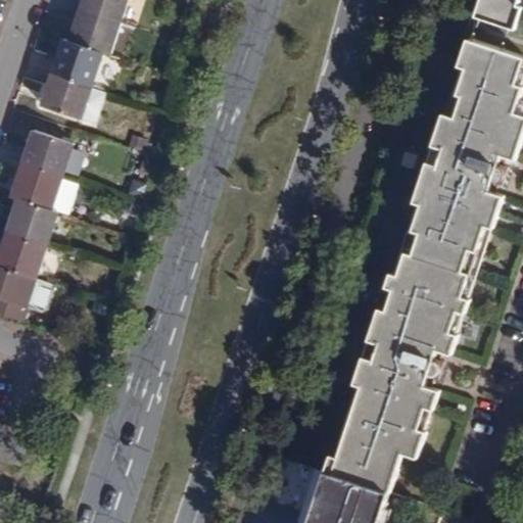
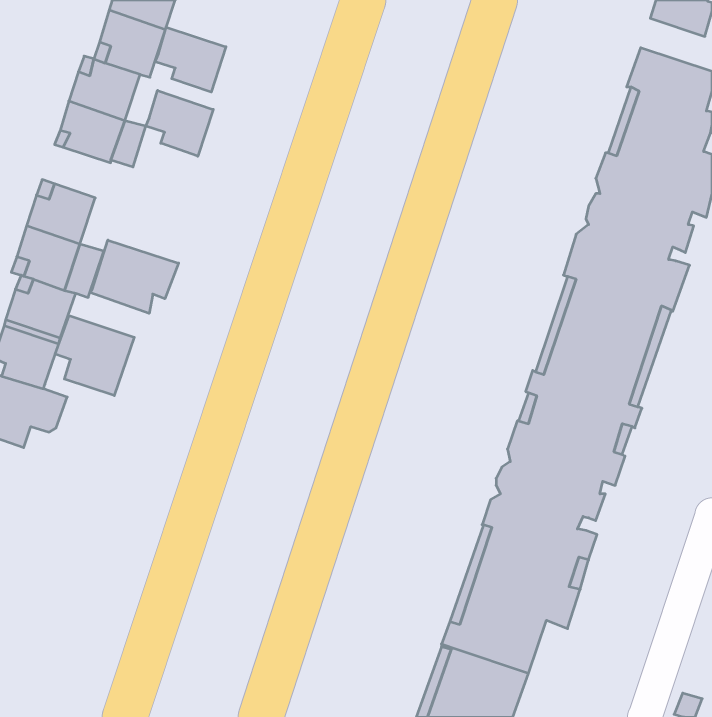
building: none -> [155,27,226,92]
building: none -> [146,90,213,156]
building: none -> [90,240,179,313]
building: none -> [55,316,134,396]

